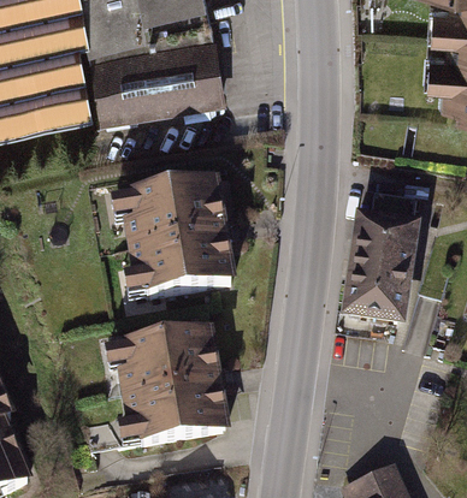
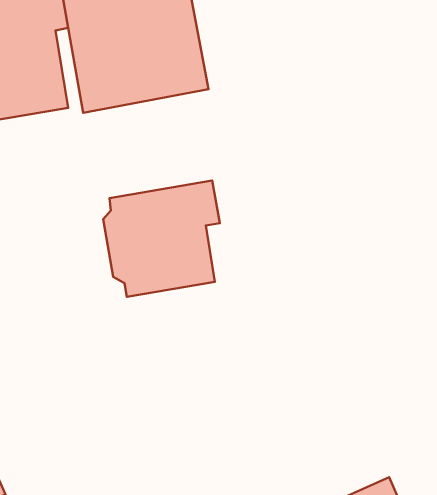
building: [353,195,413,321] -> none
building: [116,333,223,441] -> none

